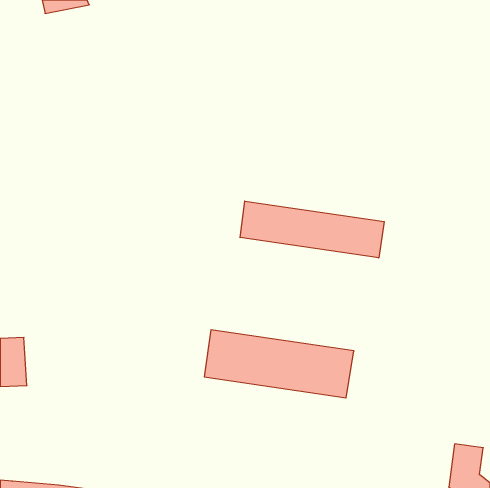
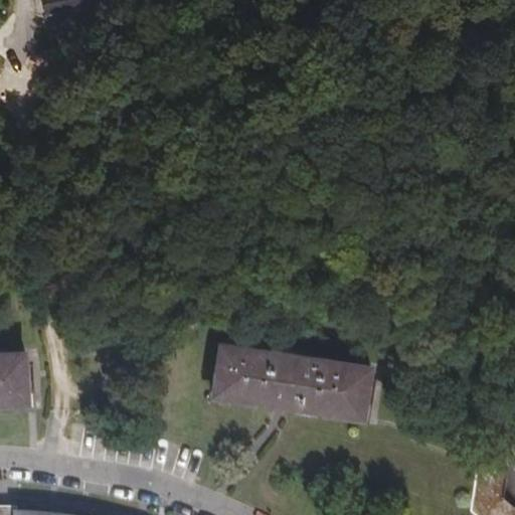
building: [240,201,384,258] -> none

